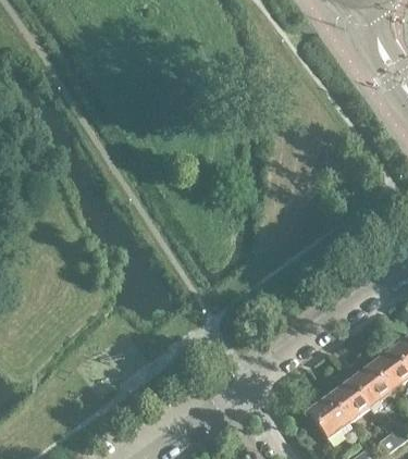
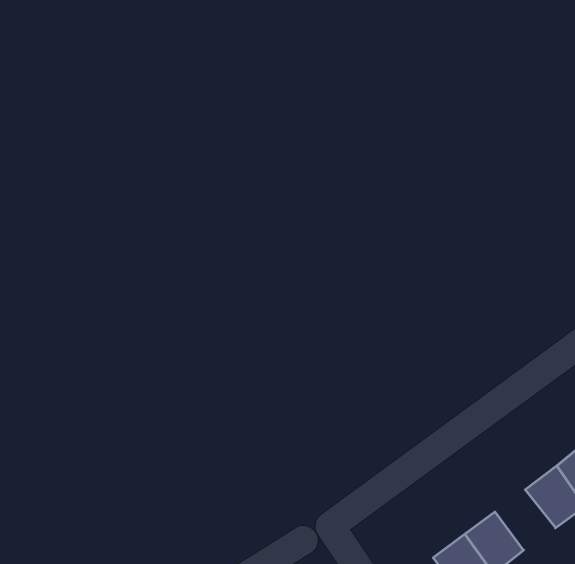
building: [348,367,390,408] -> none

